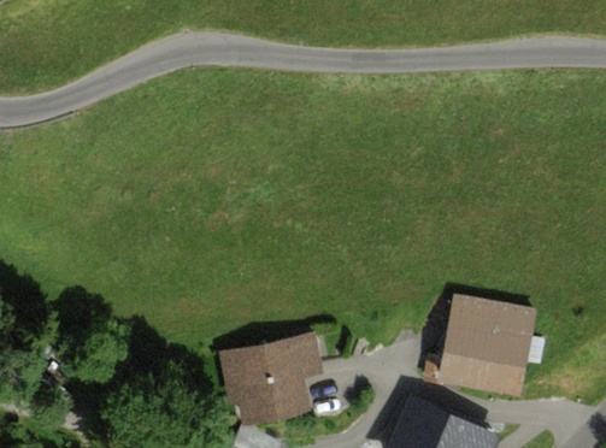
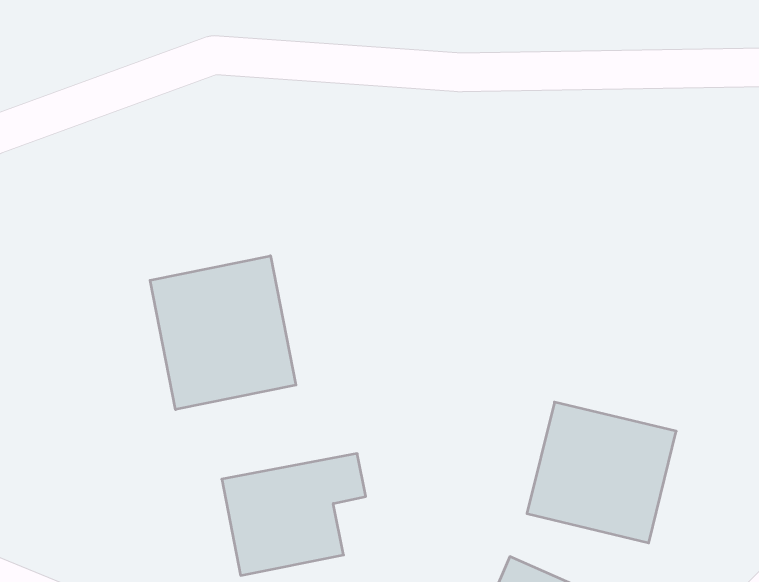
building: none -> [150,256,296,410]

